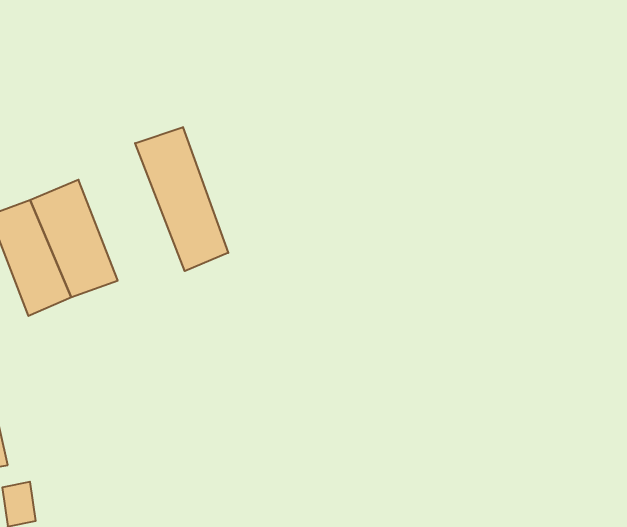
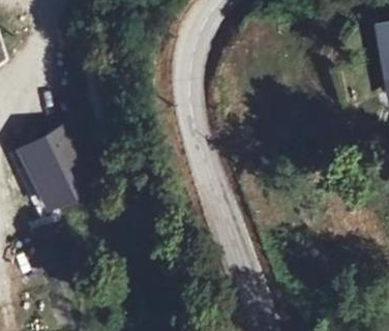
building: [135,127,228,271] -> none

